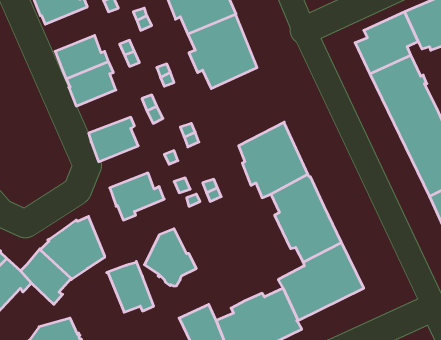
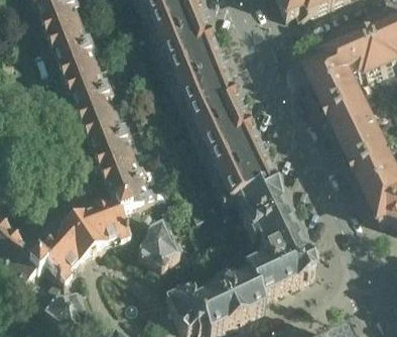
building: none -> [54,38,95,75]
building: none -> [189,88,249,151]
building: none -> [80,106,124,141]
building: none -> [98,151,141,186]
building: [107,261,154,312] -> [89,200,127,241]

